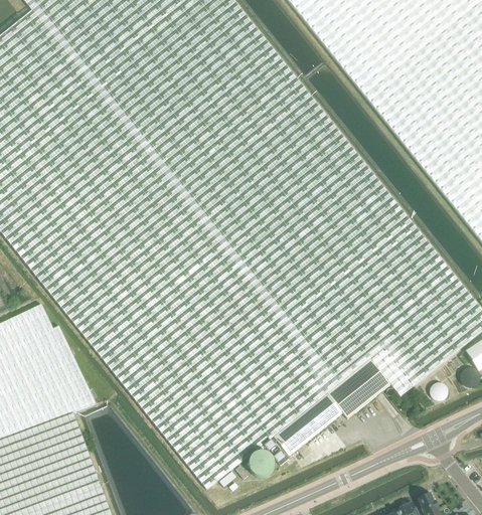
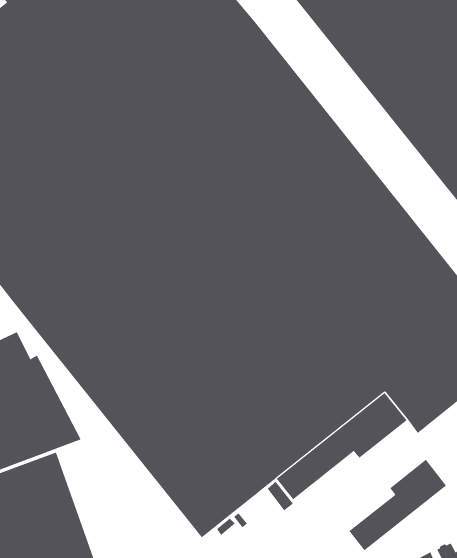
building: none -> [348,459,447,551]

